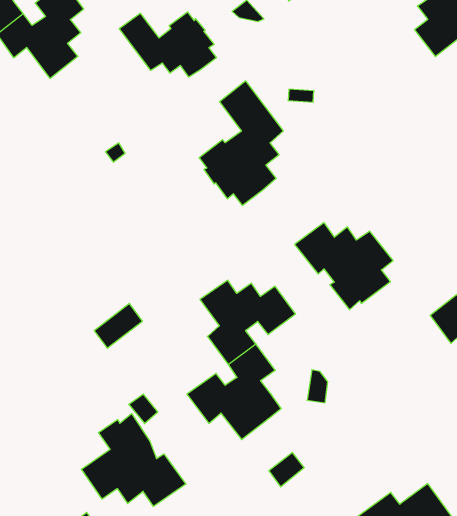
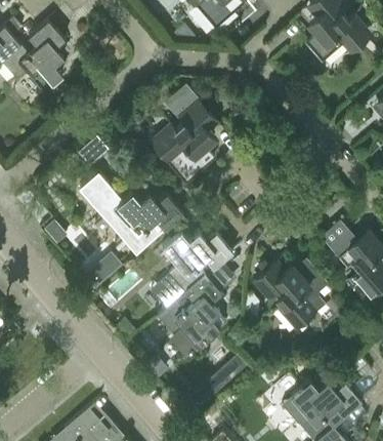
building: [119,12,216,77] -> none
building: none -> [78,173,182,256]
building: [295,223,393,310] -> [254,265,327,327]
building: [81,414,186,506] -> none

